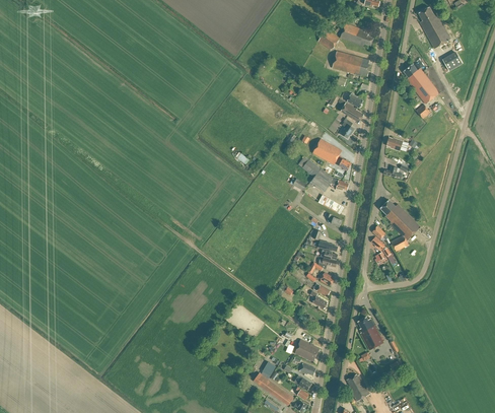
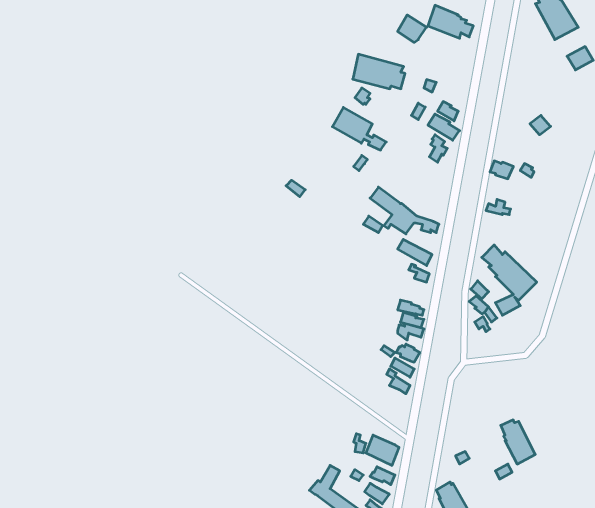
building: [333,51,371,76] -> [353,54,405,89]
building: [404,64,439,104] -> none
building: [312,138,352,169] -> [332,107,386,150]
building: [358,317,383,349] -> [501,420,535,464]

